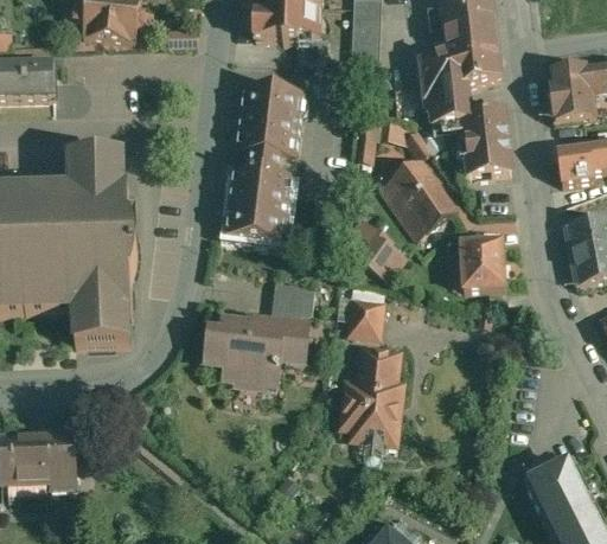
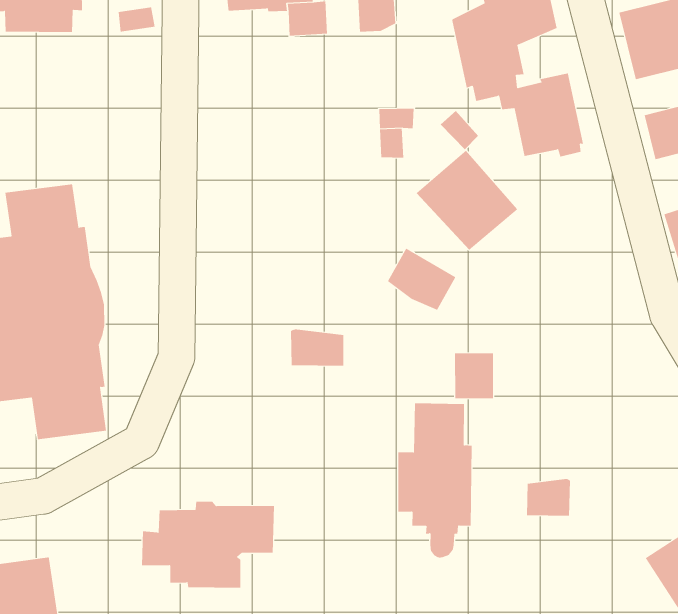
building: [219,82,304,245] -> none
building: [454,241,504,288] -> none
building: [349,297,382,335] -> [454,353,494,399]
building: [204,316,309,385] -> [141,501,275,588]
building: none -> [526,478,571,516]

